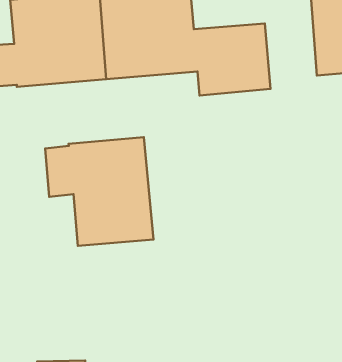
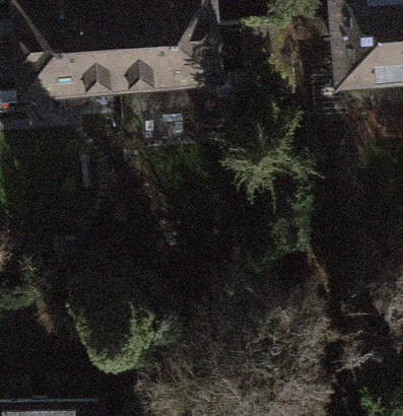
building: [45,137,153,246] -> none

